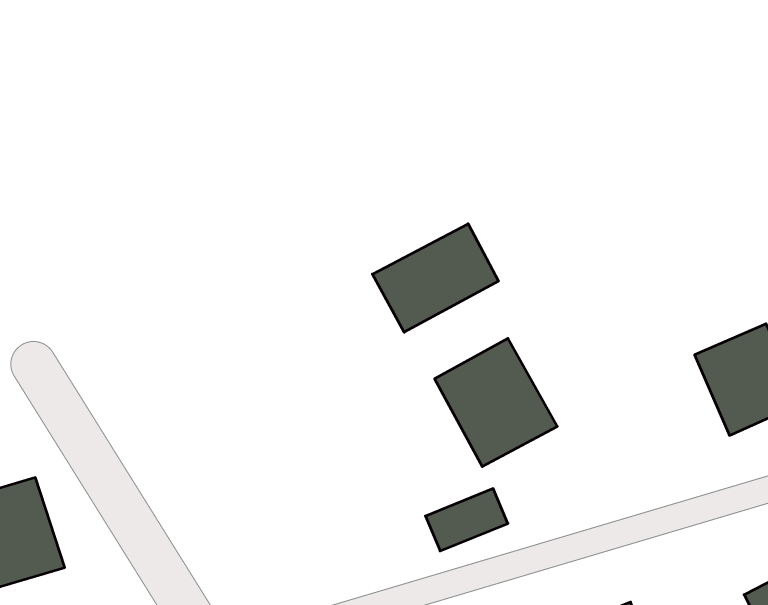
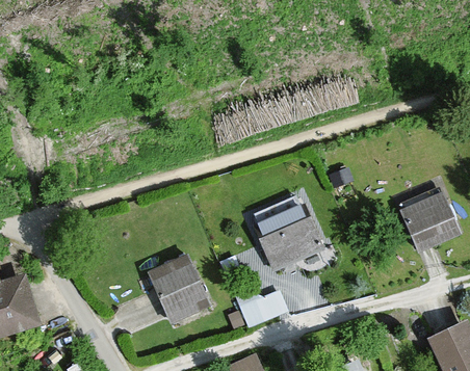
building: [372,224,498,332] -> none
building: none -> [143,255,211,327]

